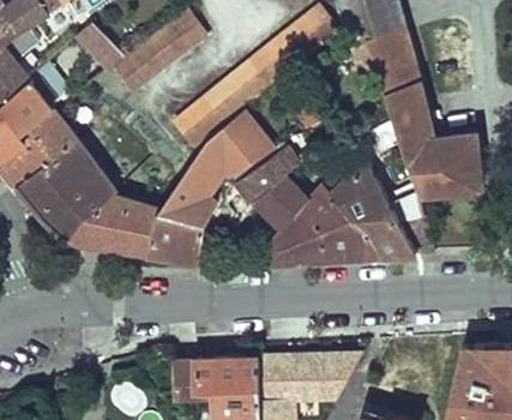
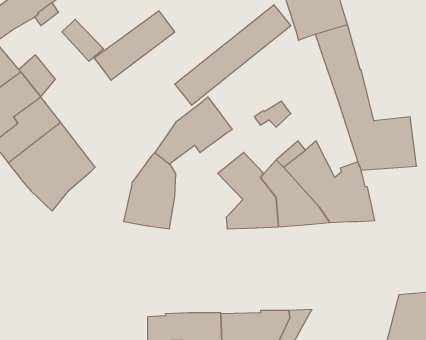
building: [175,98,224,146] -> none
building: [237,146,300,202] -> none
building: [66,197,157,254] -> none

